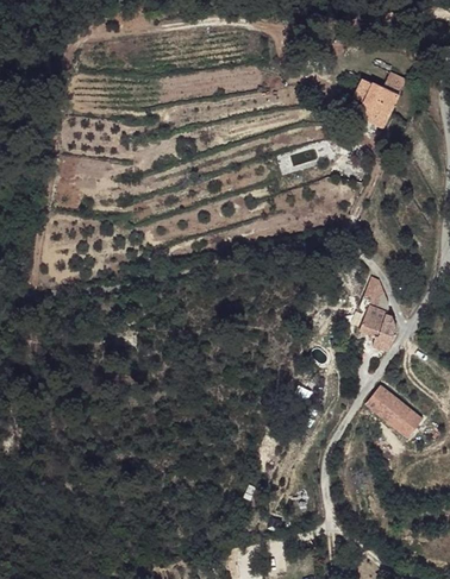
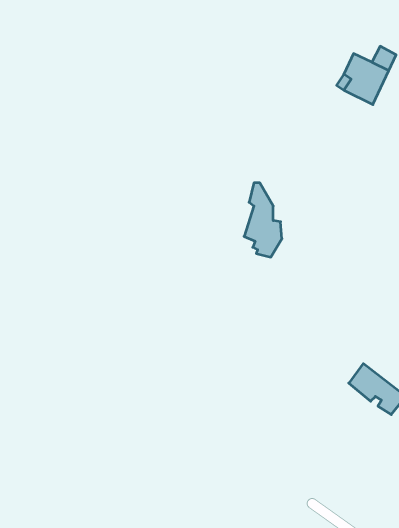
building: [358,276,395,348] -> [244,183,282,257]

